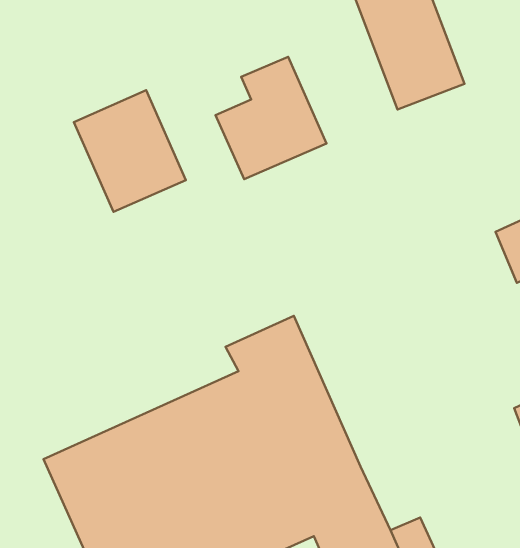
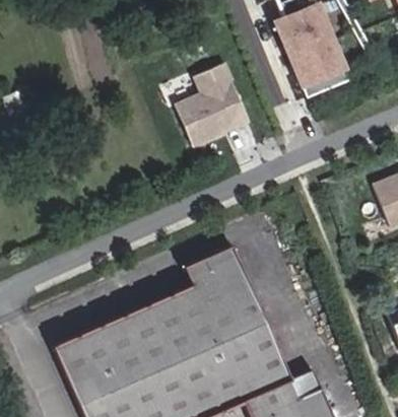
building: [74,90,186,212] -> none

